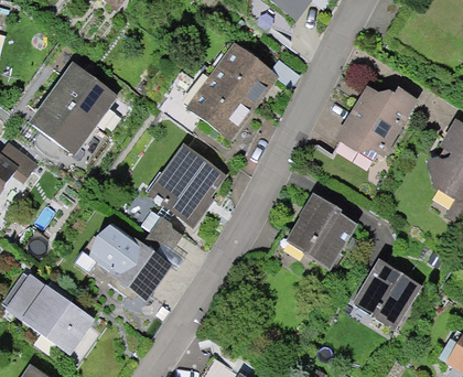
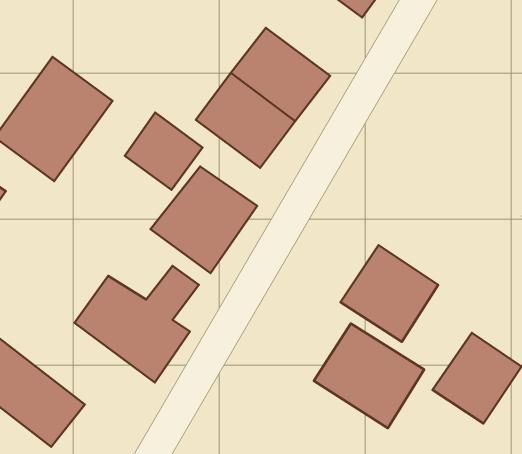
building: [338,74,419,161] -> none
building: none -> [125,113,202,190]
building: none -> [314,323,424,428]

